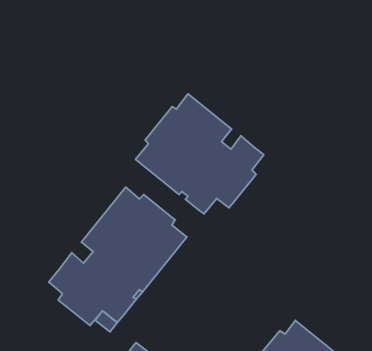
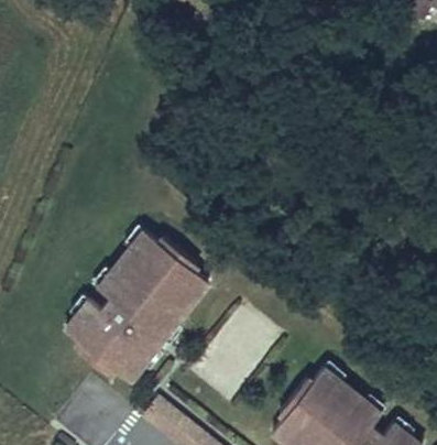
building: [136,94,264,214] -> none

